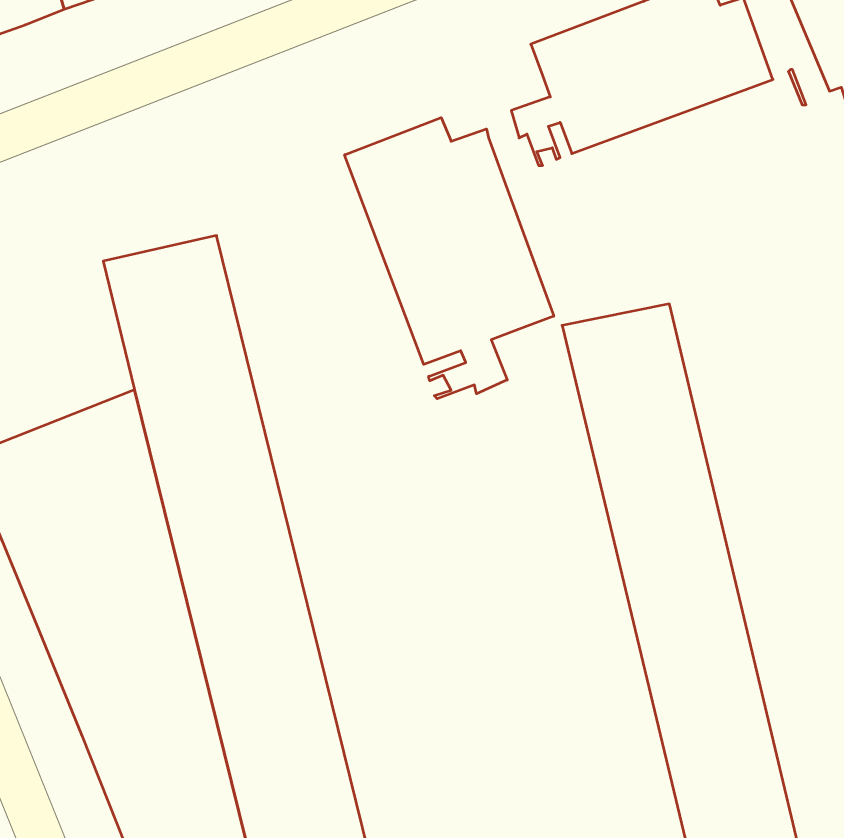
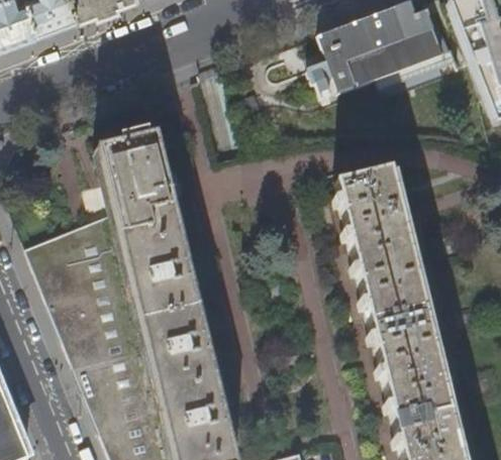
building: [345,118,554,399] -> none

